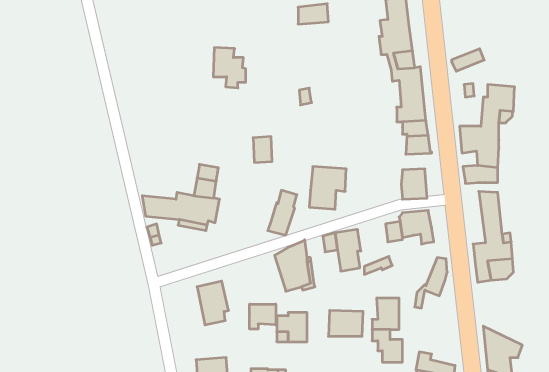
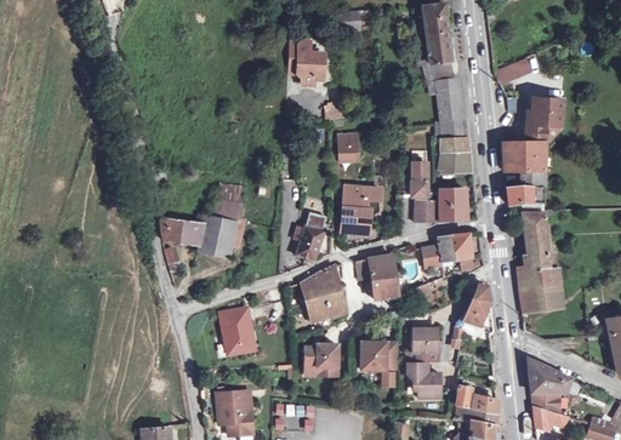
building: [213,48,246,88] -> [287,41,323,85]
building: [253,137,272,162] -> [337,133,358,161]
building: none -> [411,162,437,221]
building: [250,304,276,329] -> none

